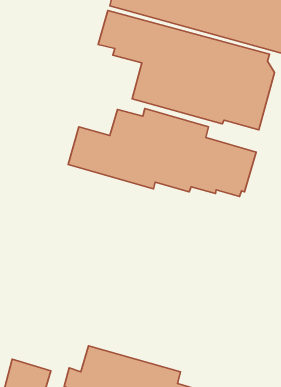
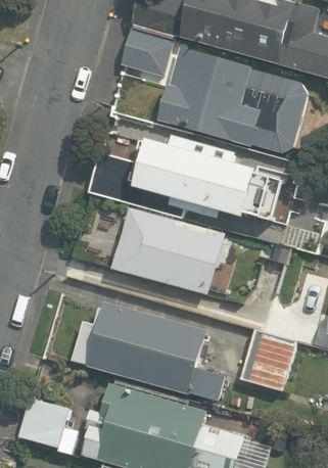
building: none -> [110,205,223,293]
building: none -> [72,302,227,401]
building: none -> [241,330,297,391]

